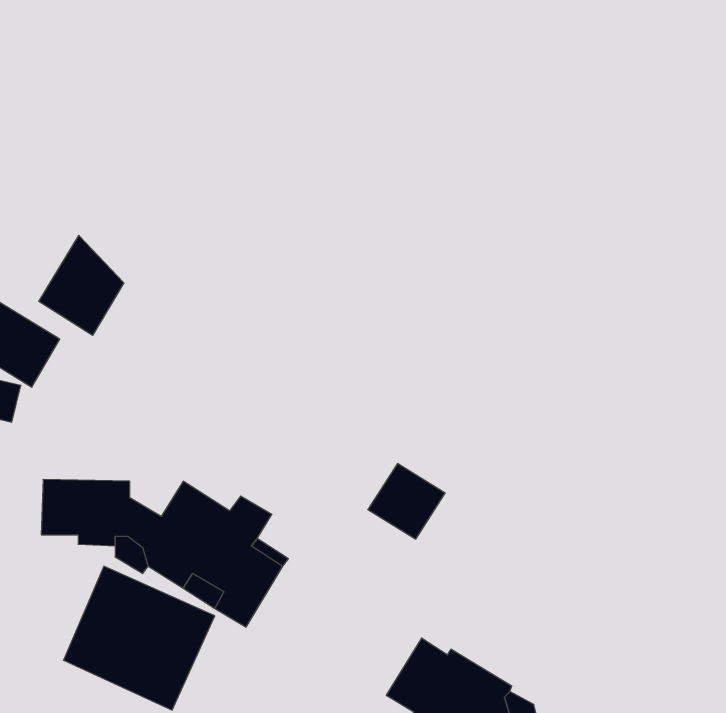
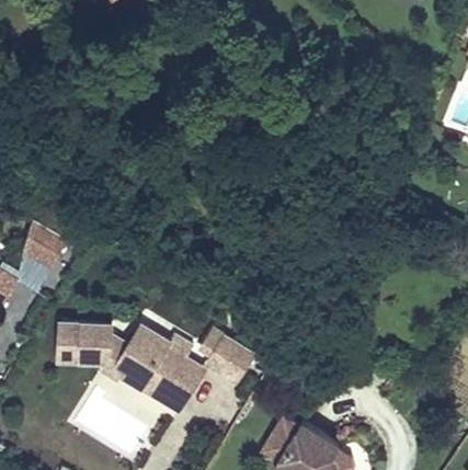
building: [39,235,124,335] -> none
building: [368,464,445,539] -> [207,336,253,381]

